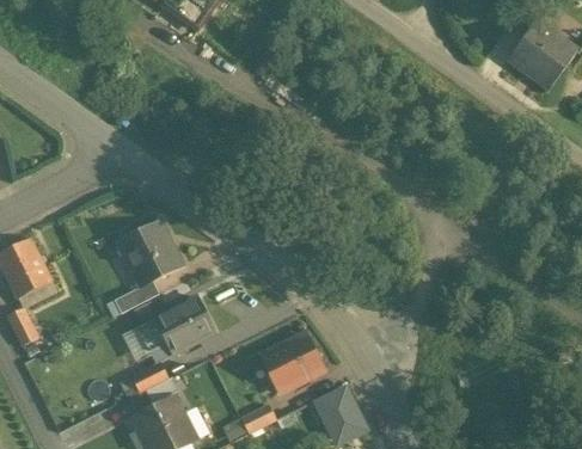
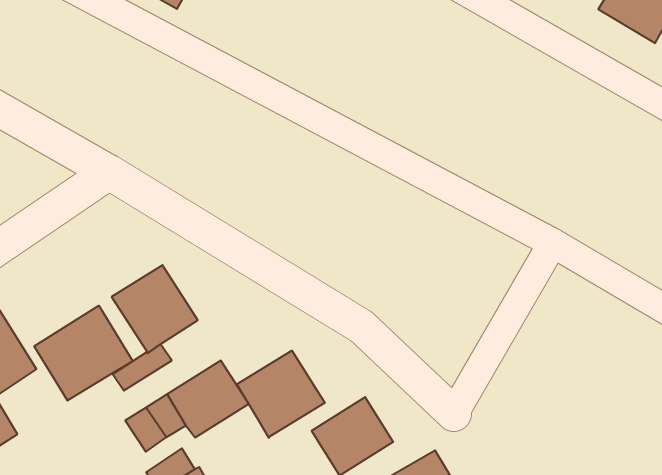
building: none -> [34,306,134,401]
building: none -> [237,351,325,438]

